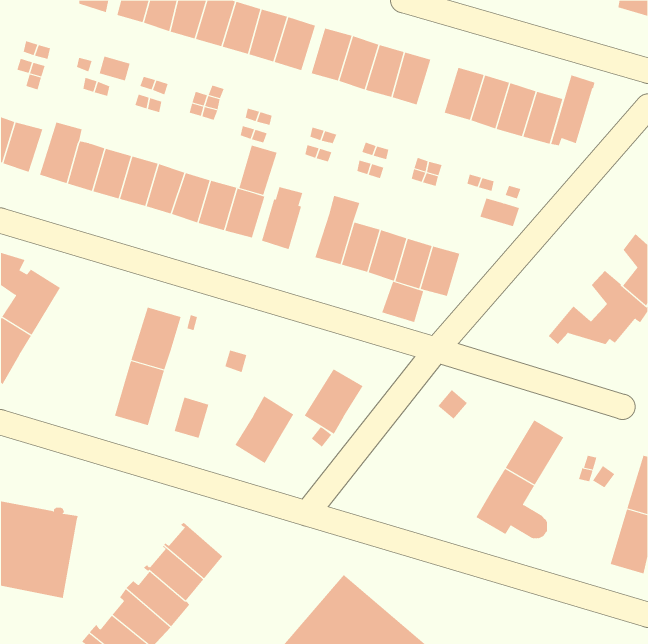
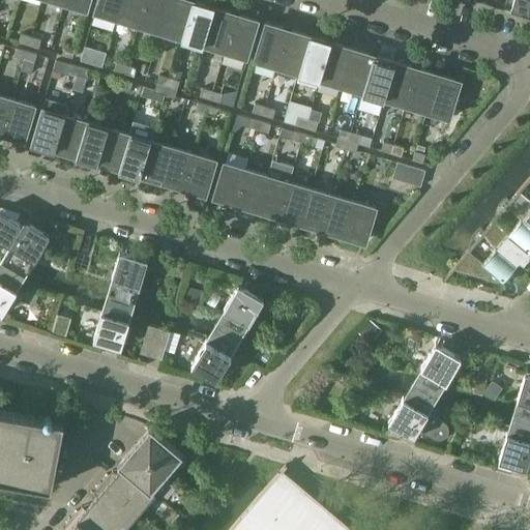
building: none -> [341,52,374,95]
building: [550,74,595,146] -> none
building: [238,145,278,196] -> [236,172,268,213]
building: [381,281,424,323] -> none
building: [304,368,363,434] -> [215,288,264,342]

